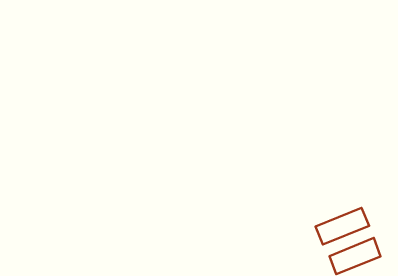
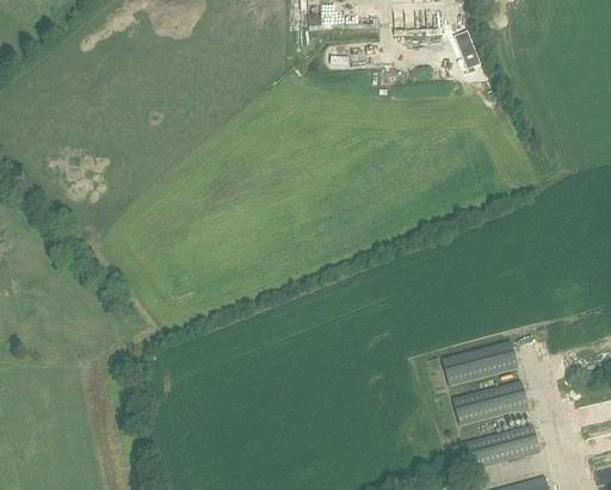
building: none -> [443,340,518,383]

